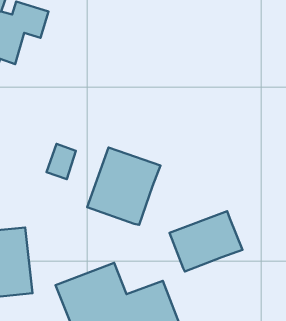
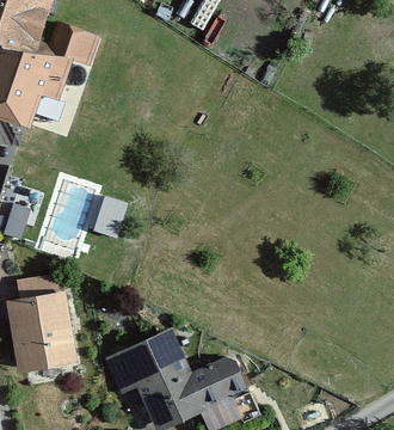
building: [87,147,161,225] -> none
building: [170,211,242,272] -> none

